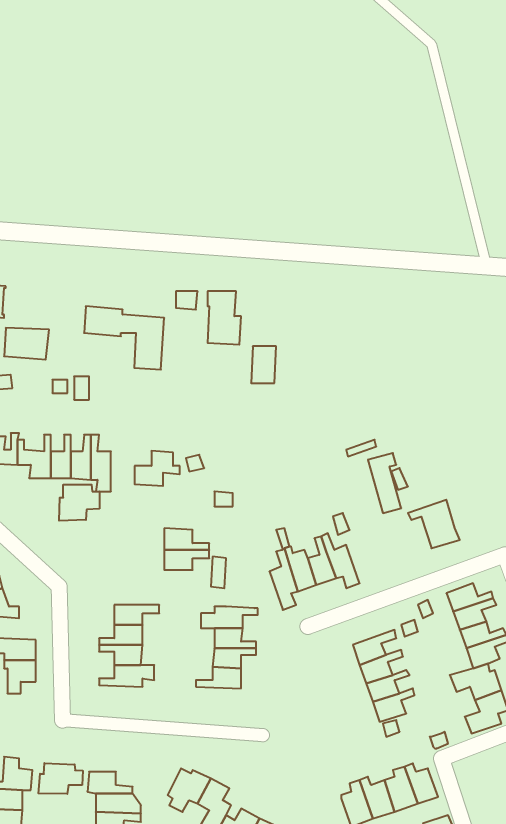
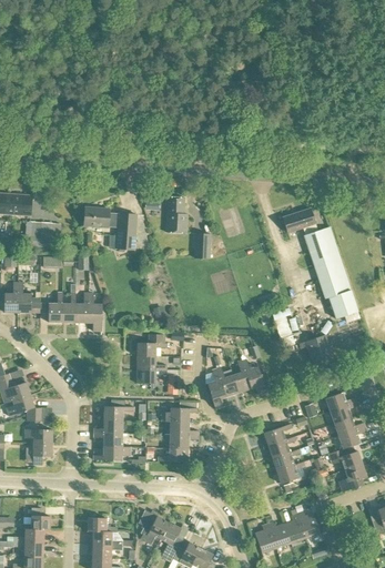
building: none -> [283,209,316,233]
building: none -> [303,226,357,318]
building: [135,451,180,486] -> [138,333,168,356]
building: [59,485,99,521] -> none
building: [38,763,83,794] -> none

